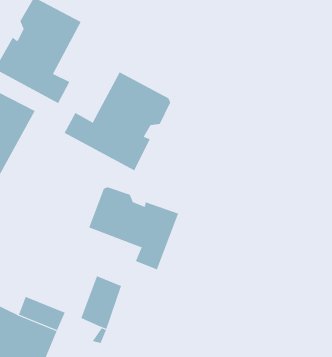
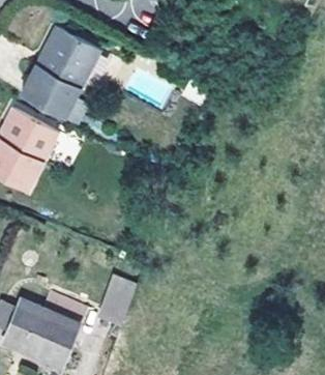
building: [64,72,171,171] -> none
building: [89,186,179,270] -> none

